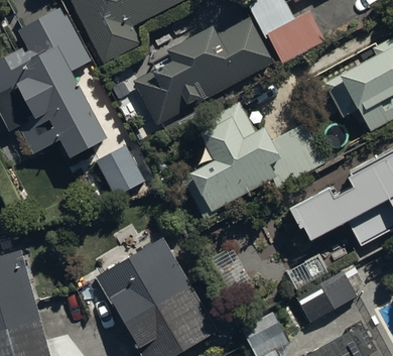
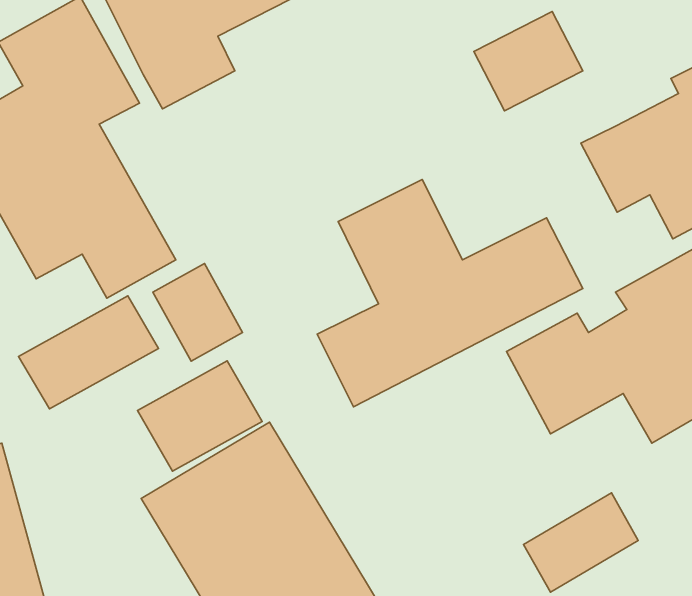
building: [131,19,272,125] -> none
building: none -> [19,296,158,409]
building: none -> [137,361,262,471]

